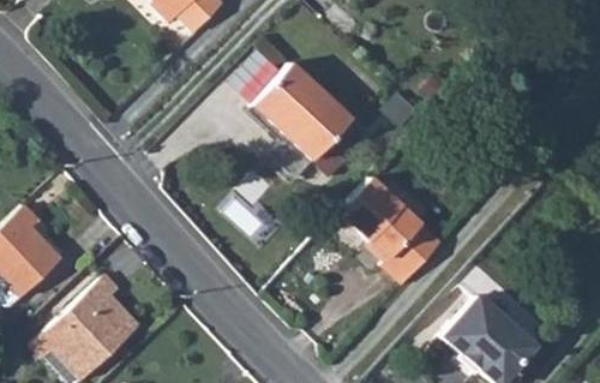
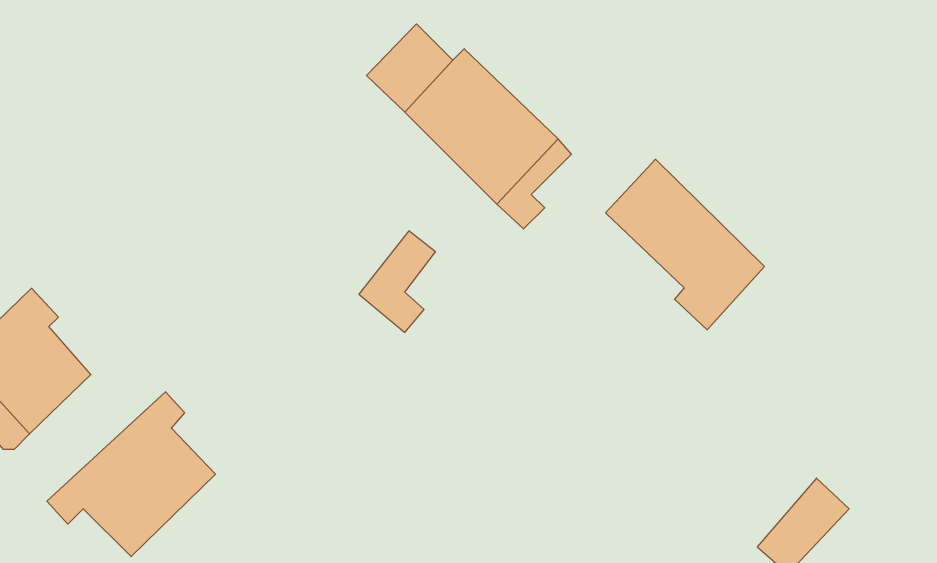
building: [336,179,436,286] -> [606,159,764,330]
building: [439,297,512,370] -> none

